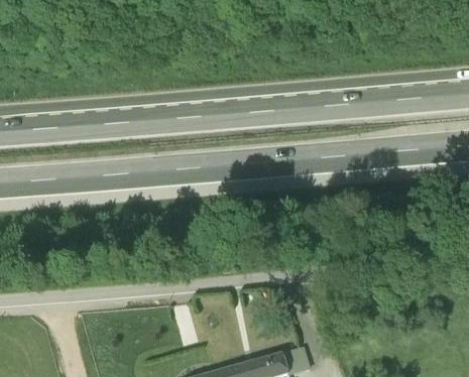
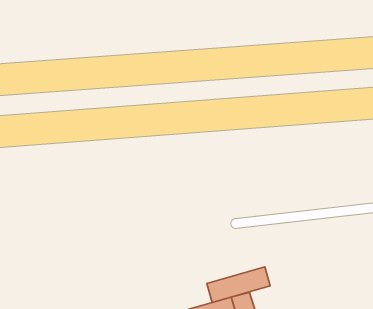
building: none -> [207,267,270,302]

